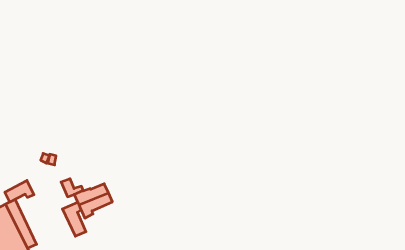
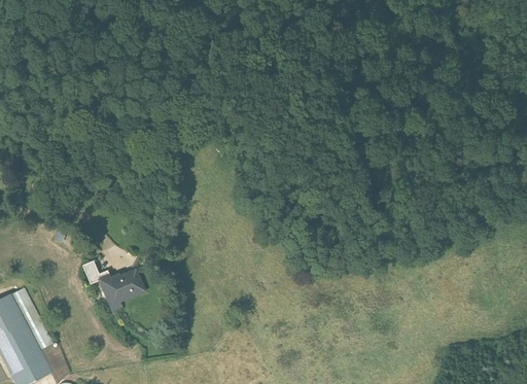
building: [5,180,34,202] -> none
building: [62,202,86,236] -> none

